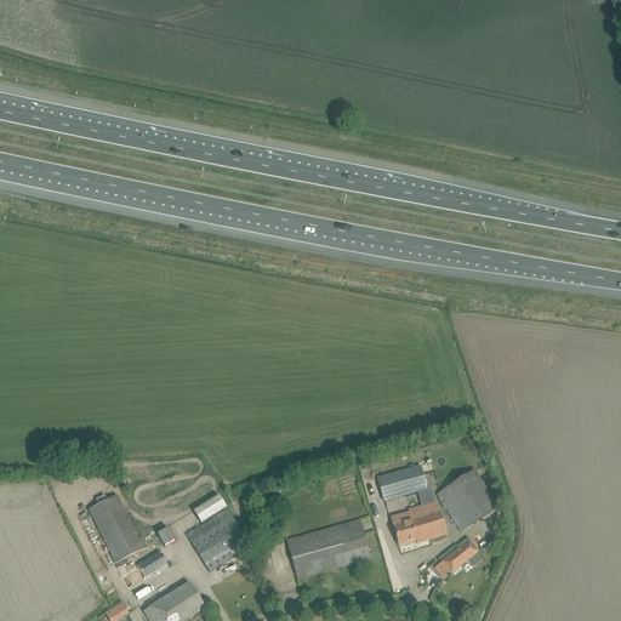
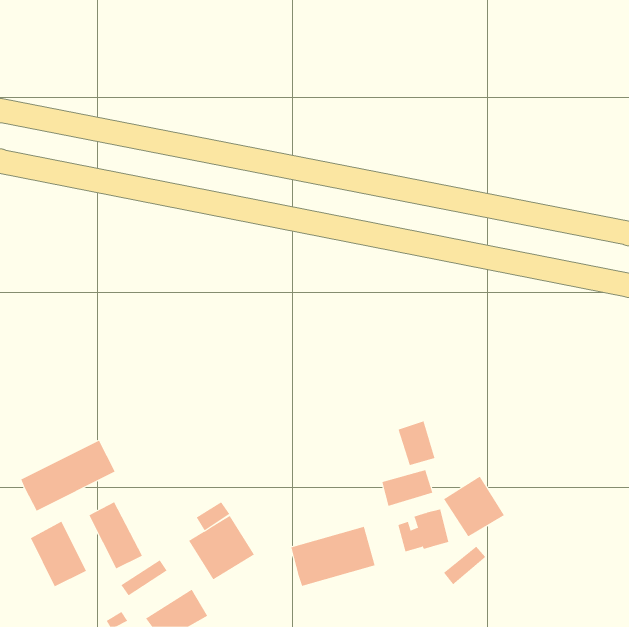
building: none -> [398,421,435,466]
building: none -> [20,440,116,511]
building: none -> [30,521,87,587]

